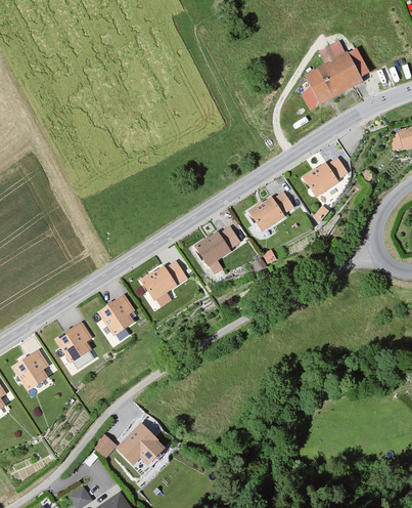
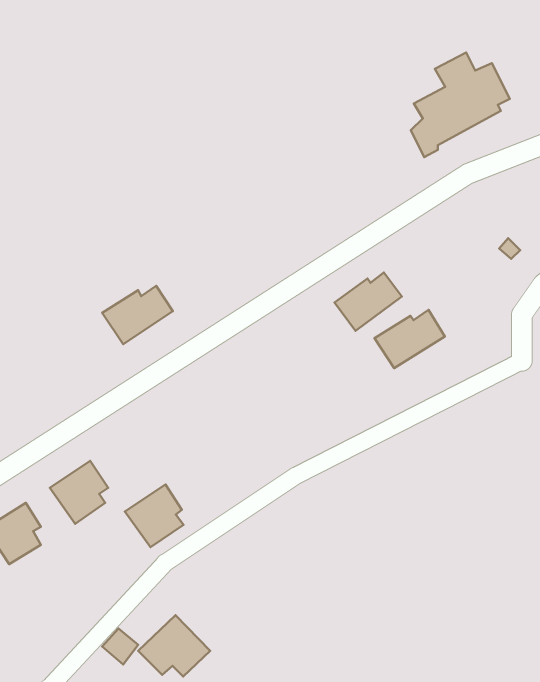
building: [302,157,350,197] -> [375,310,445,368]
building: [195,226,242,265] -> none
building: [140,261,188,301] -> [102,286,173,344]
building: [96,294,136,337] -> [125,484,183,547]

